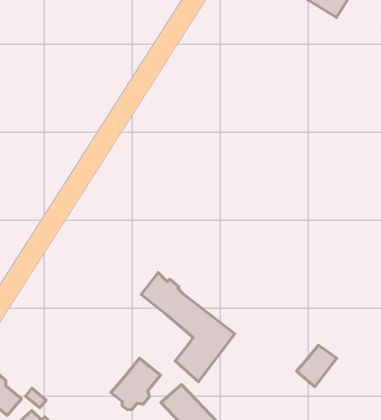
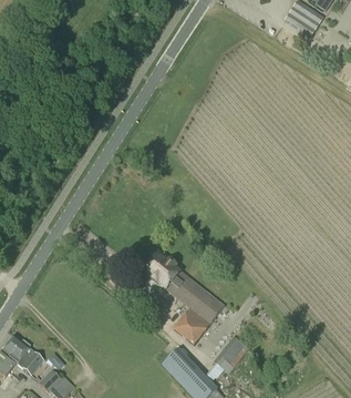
building: [297,345,337,387] -> [215,336,249,371]
building: [111,358,160,410] -> none

